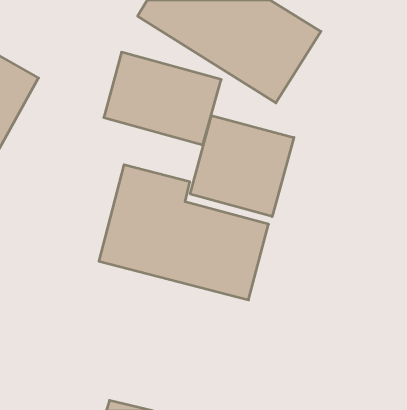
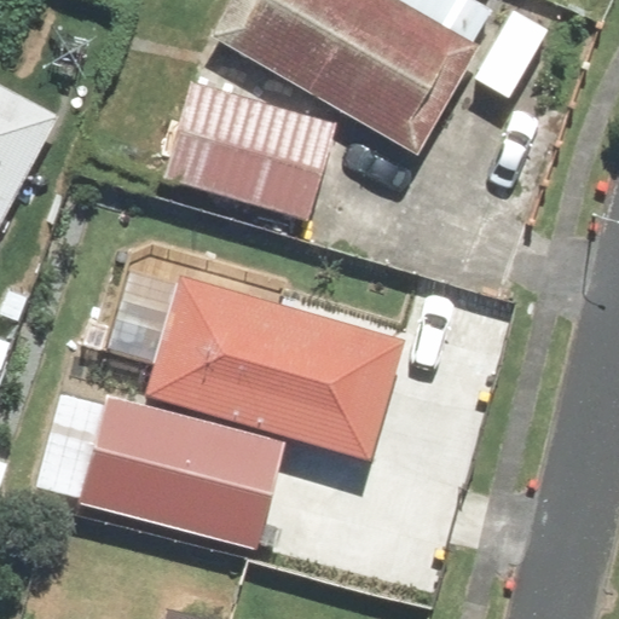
building: [190,115,294,217] -> none
building: none -> [70,395,280,546]

